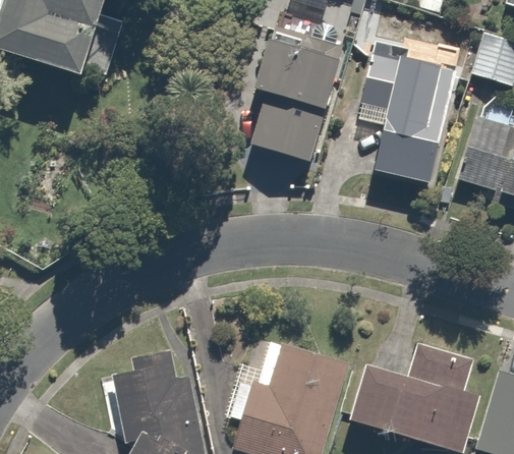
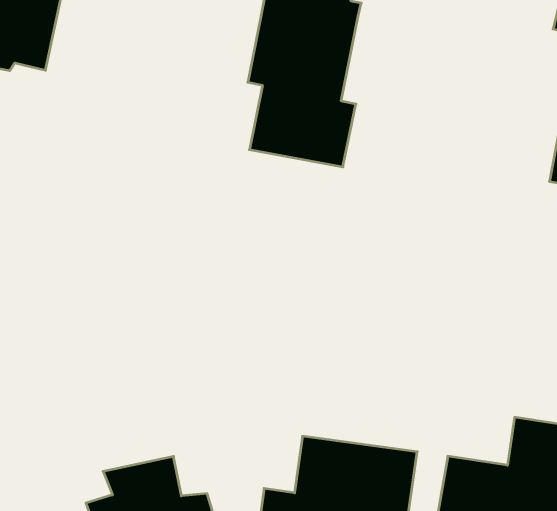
building: [356,54,462,188] -> none

